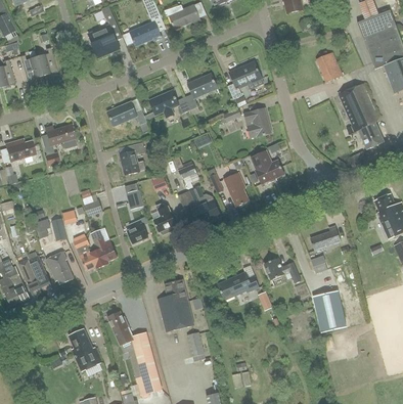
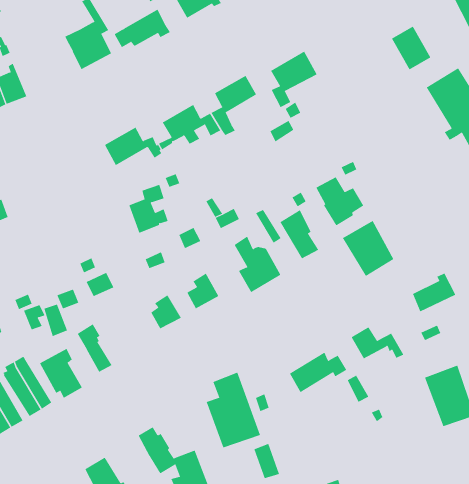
building: [243,107,271,137] -> none
building: [43,124,76,165] -> none
building: none -> [342,220,394,277]
building: [87,229,116,267] -> none

